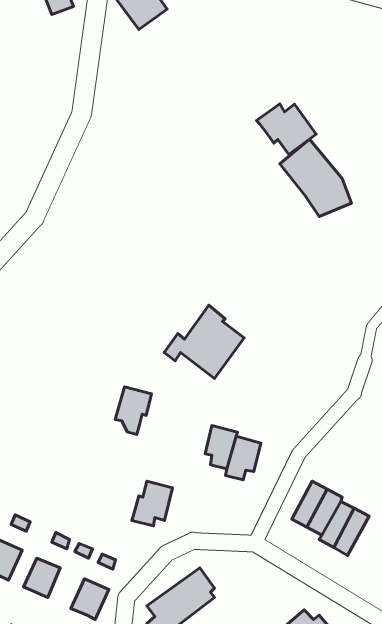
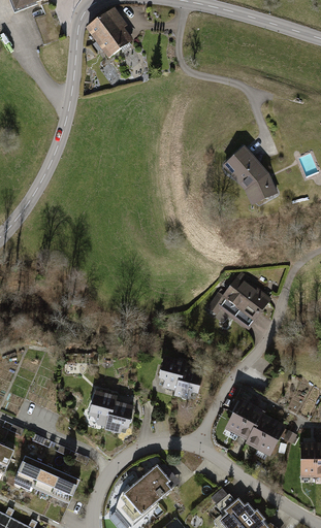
building: [257,104,316,155] -> none
building: [164,305,244,378] -> [207,272,268,328]
building: [115,387,152,434] -> [88,391,116,427]
building: none -> [39,466,67,497]

